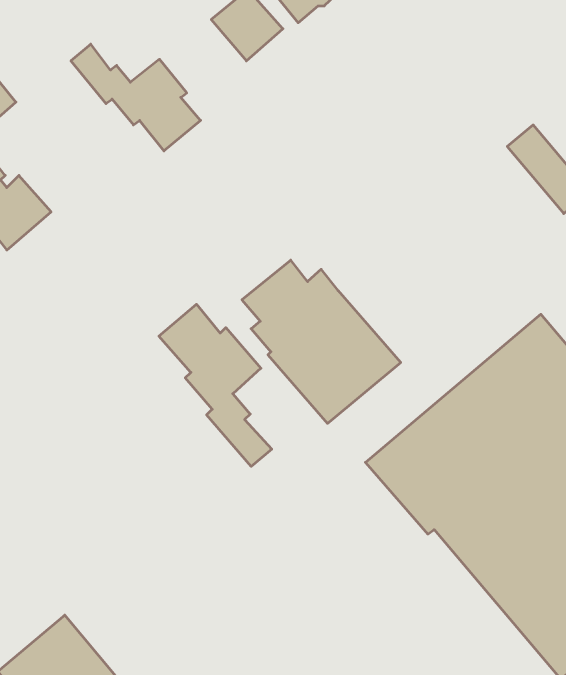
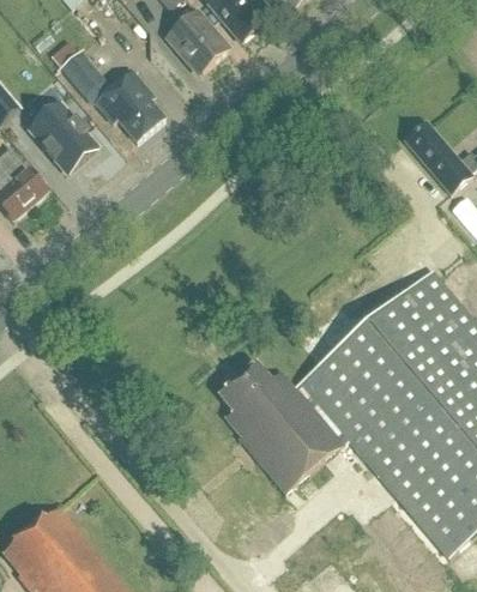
building: none -> [29,101,96,169]
building: [242,260,401,423] -> [218,361,343,489]
building: [159,304,272,466] -> none

